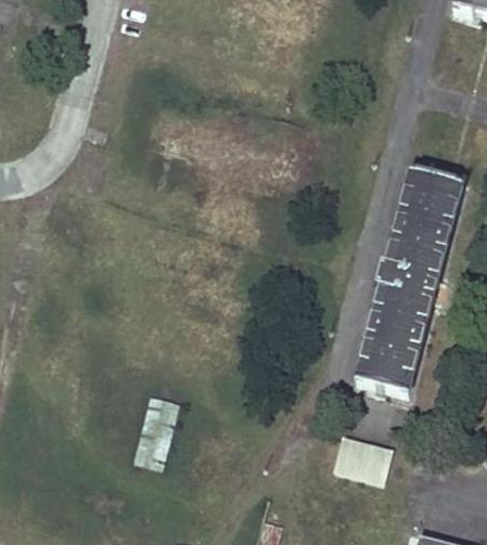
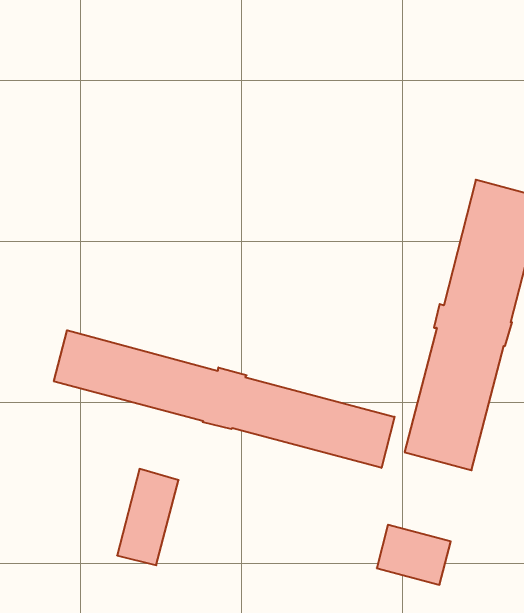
building: none -> [54,330,395,468]

